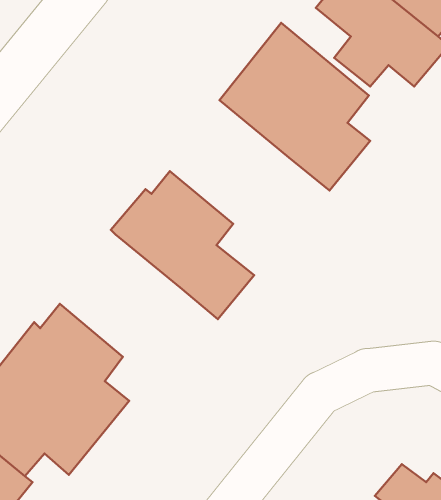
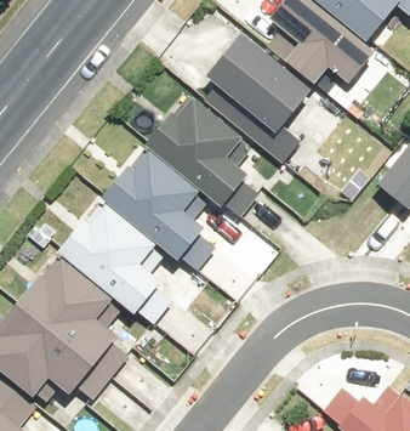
building: none -> [146,93,262,220]
building: none -> [57,202,173,324]

